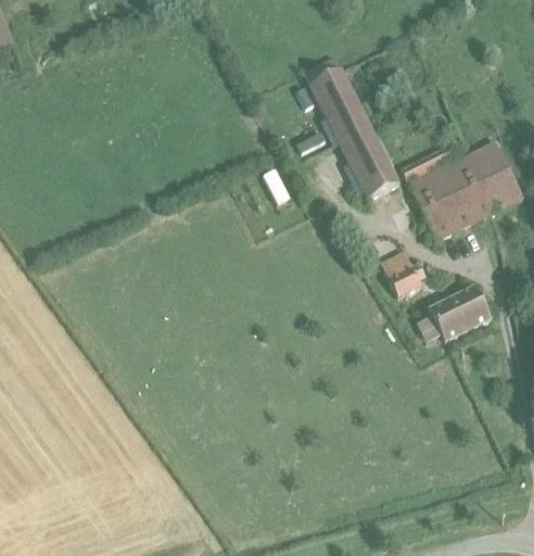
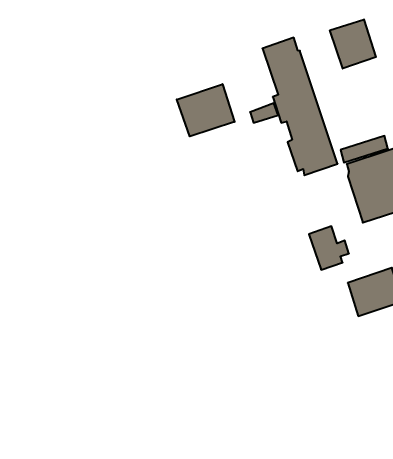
building: none -> [330,19,376,69]
building: none -> [177,84,235,136]

